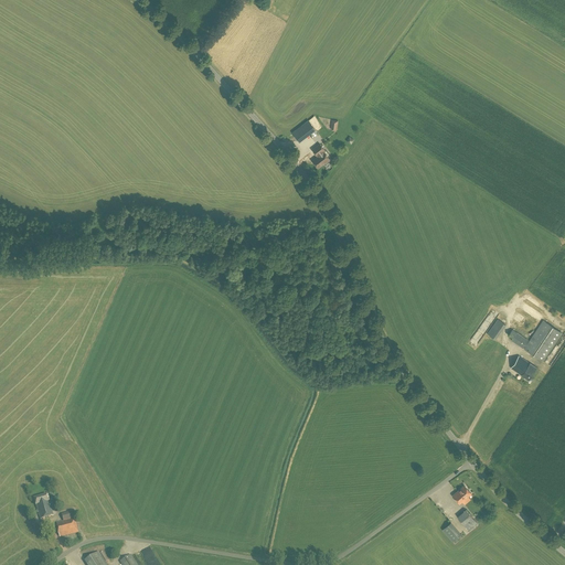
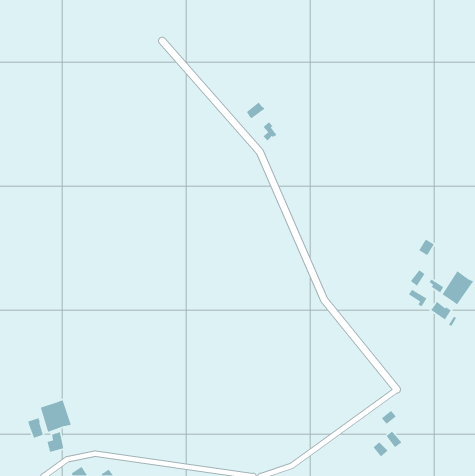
building: none -> [40,399,72,433]

